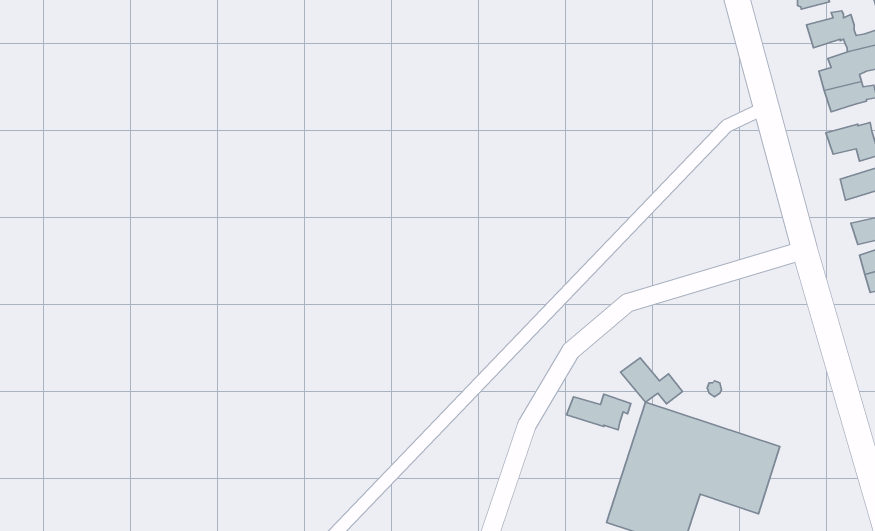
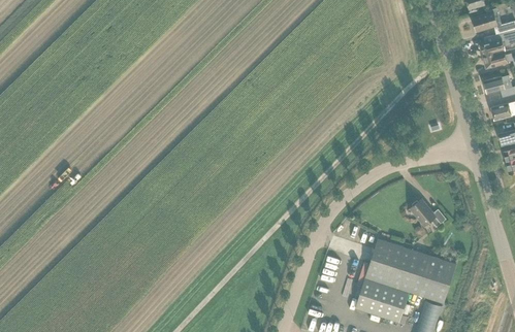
building: [621,358,683,404] -> [410,200,446,227]
building: [567,394,631,430] -> none

